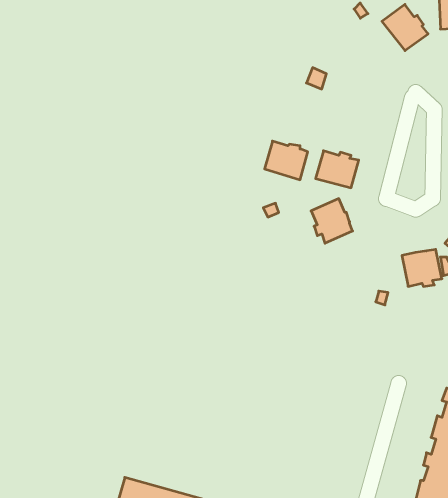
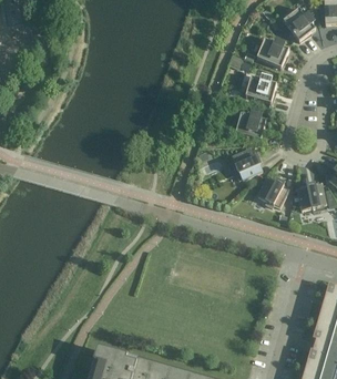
building: none -> [256,37,289,66]
building: [265,141,308,180] -> [245,74,276,102]
building: none -> [257,175,289,206]

